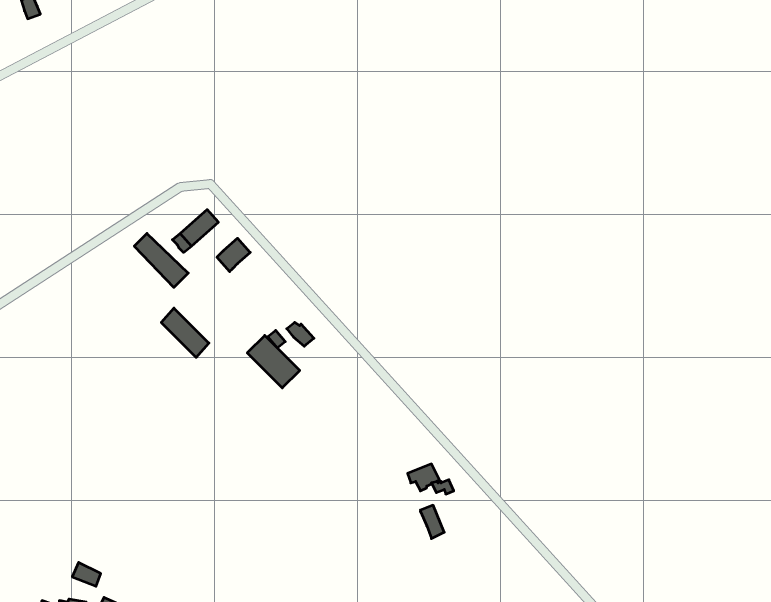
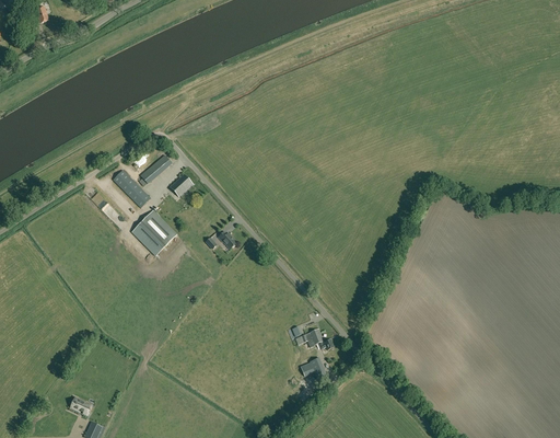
building: [247,335,300,388] -> [140,209,176,245]

